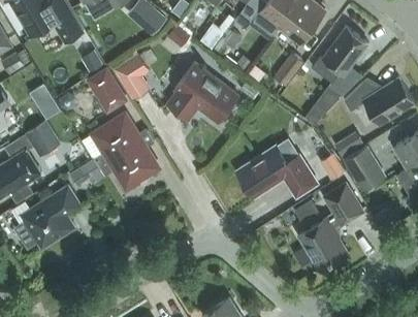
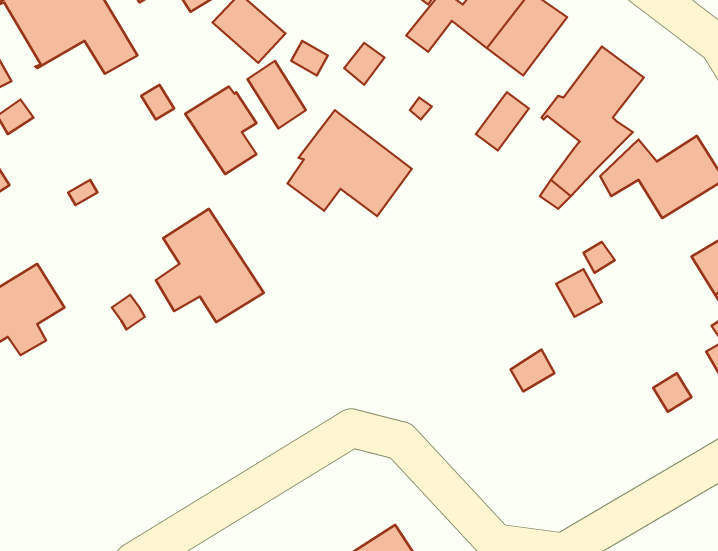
building: [90,71,123,109] -> [247,61,306,129]
building: [25,121,58,155] -> none
building: [343,145,386,190] -> none
building: [239,146,317,197] -> none
building: [299,184,362,271] -> none
building: [17,186,81,248] -> none

